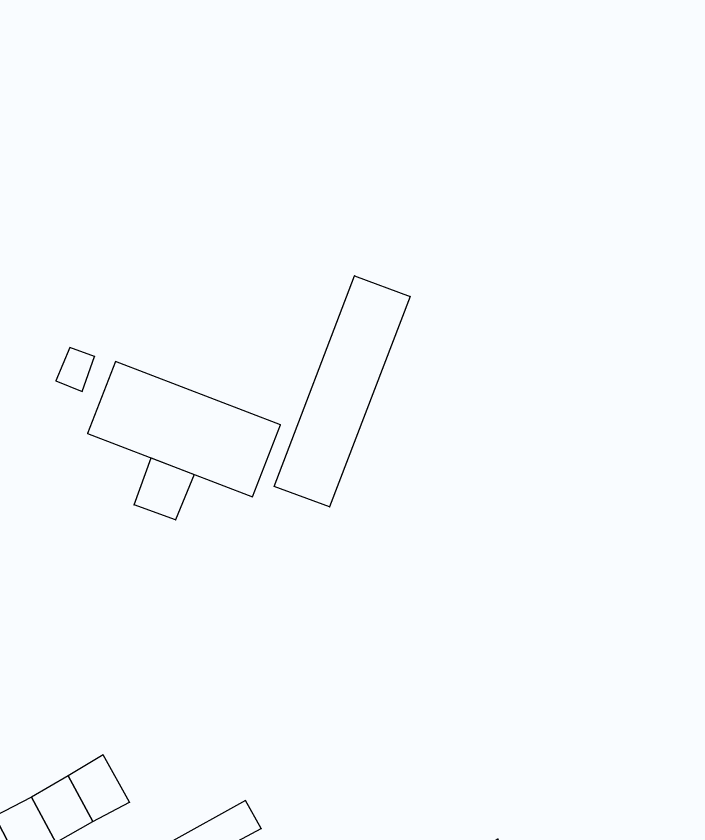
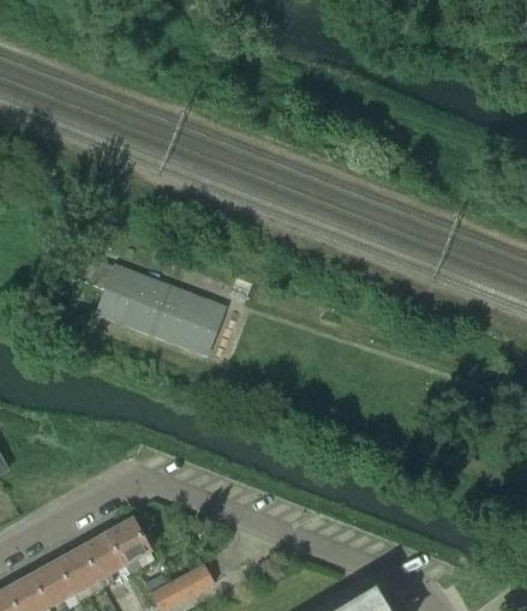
building: [274,276,410,507] -> none
building: [134,458,194,520] -> none
building: none -> [104,519,149,565]

